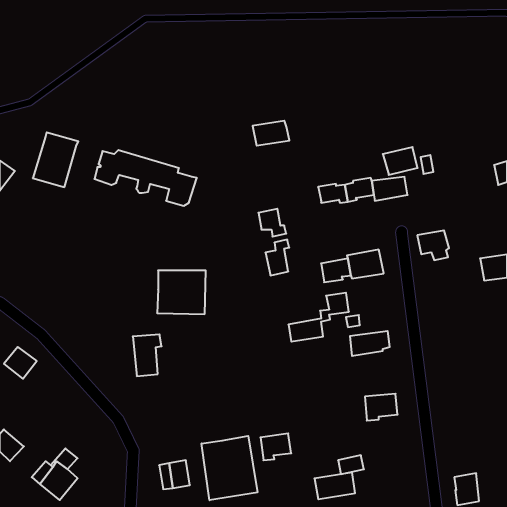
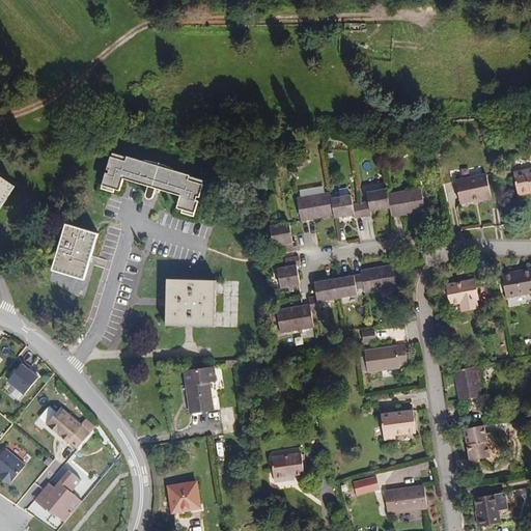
building: [253,121,289,146] -> [297,190,335,216]
building: [33,132,78,187] -> [51,222,99,279]
building: [383,147,418,175] -> [455,174,492,203]
building: [417,230,449,260] -> [447,279,480,310]
building: [288,293,349,342] -> [275,276,338,327]
building: [133,334,162,376] -> [184,369,214,413]
building: none -> [456,365,482,399]
building: none -> [47,407,90,448]
building: none -> [463,426,491,464]
building: [202,436,257,500] -> none
building: [314,472,355,499] -> [383,485,425,513]

